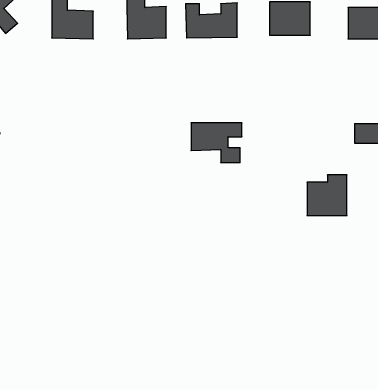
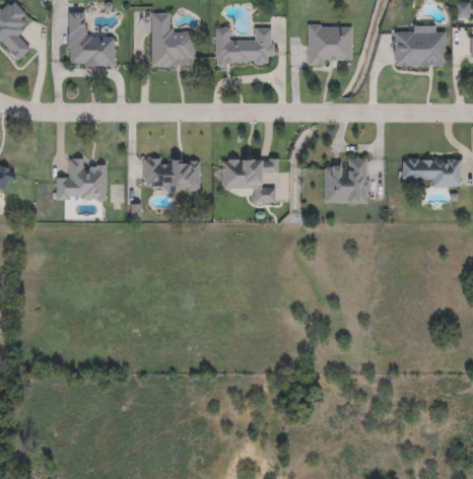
building: none -> [56,157,107,198]
building: none -> [143,158,199,189]
building: [307,175,347,216] -> [324,157,367,202]

